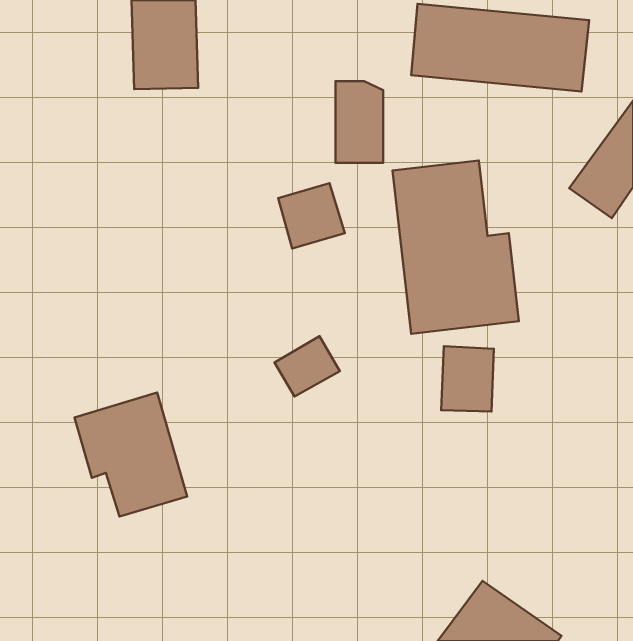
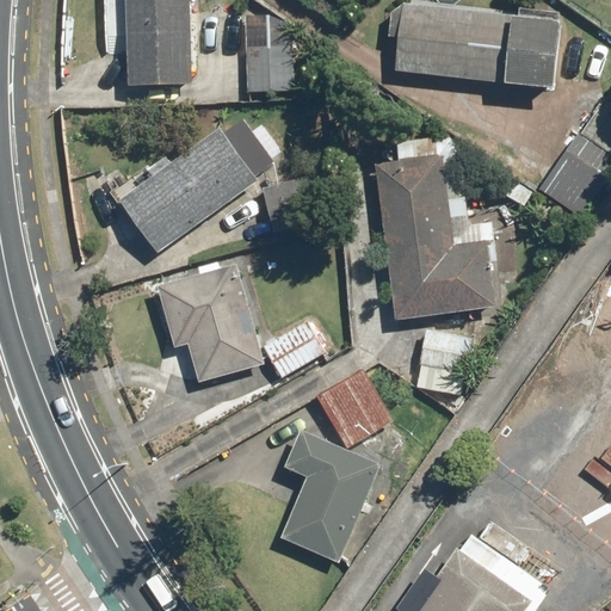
building: [335,81,383,163] -> [245,16,290,93]
building: none -> [122,121,271,253]
building: none -> [320,372,390,443]
building: [74,392,187,517] -> [155,265,263,383]
building: none -> [282,433,377,560]

